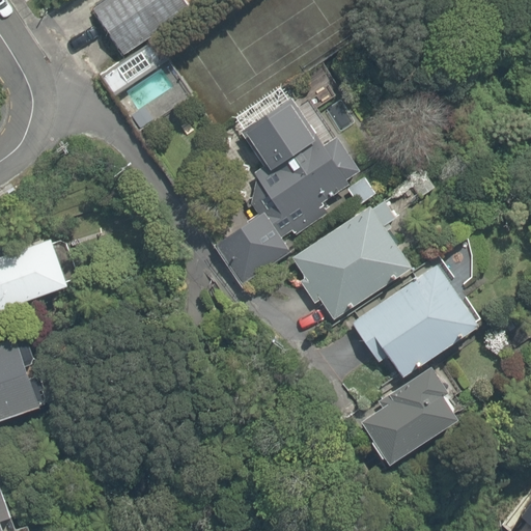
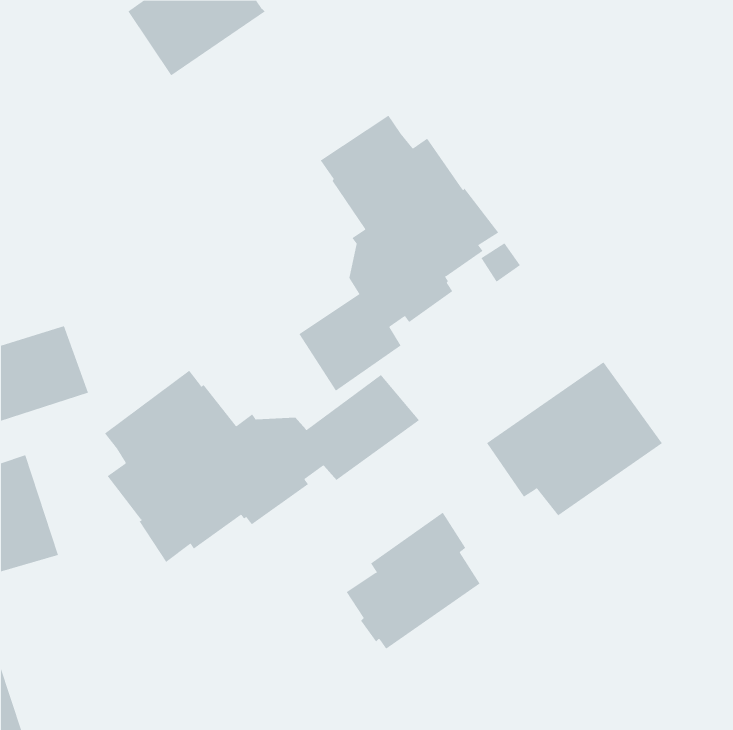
building: [292,199,412,320] -> none
building: none -> [104,370,420,563]
building: [361,364,458,464] -> [346,512,481,650]

